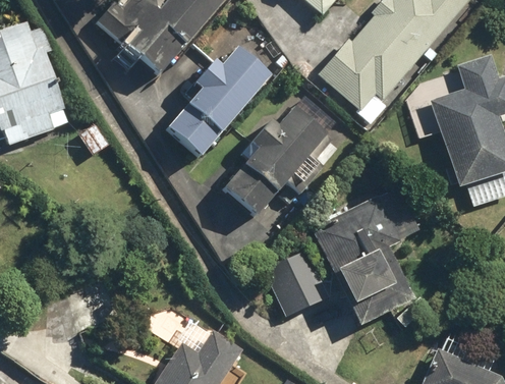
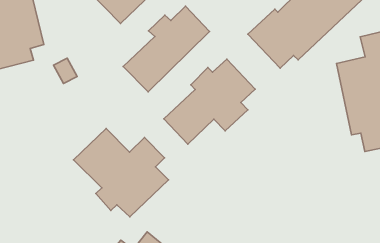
building: [311,195,415,325] -> none
building: none -> [74,128,168,217]
building: [267,248,331,315] -> none

